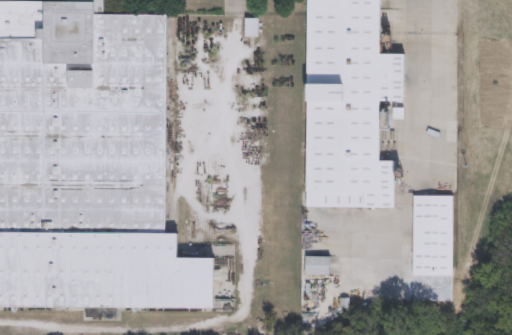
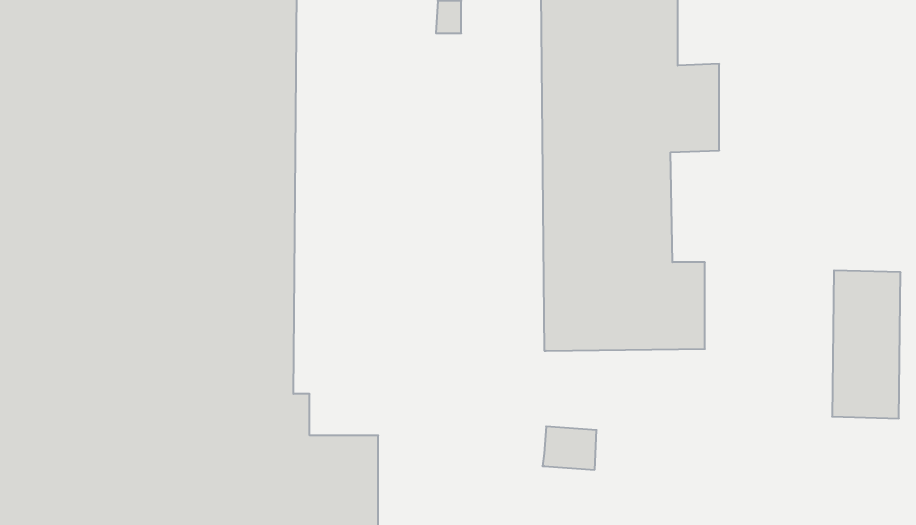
building: [414,194,452,276] -> [832,270,901,418]

